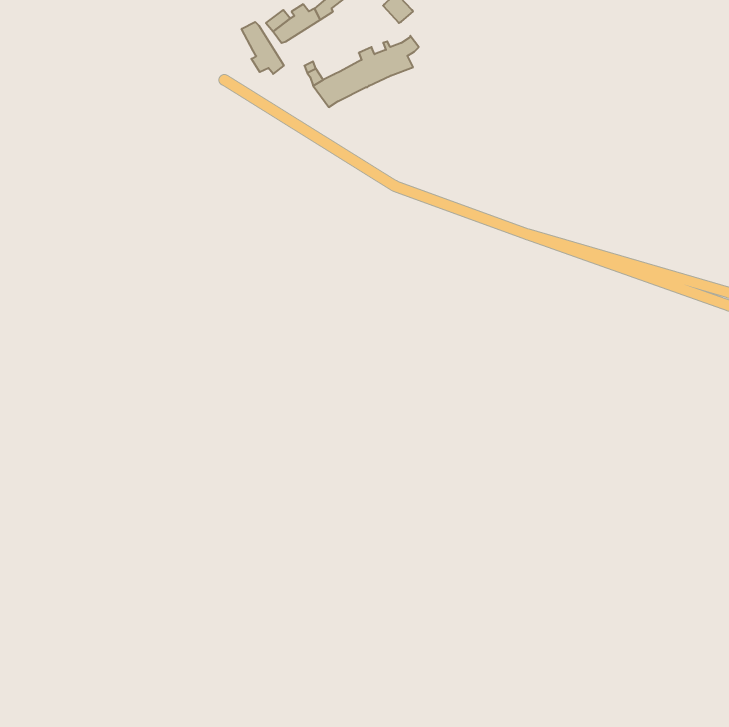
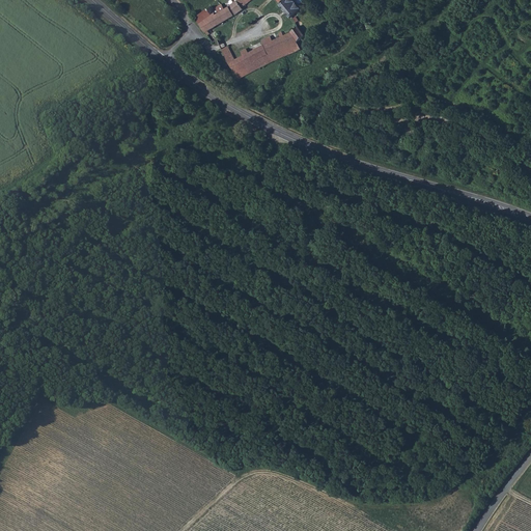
building: [242,22,284,74] -> none

